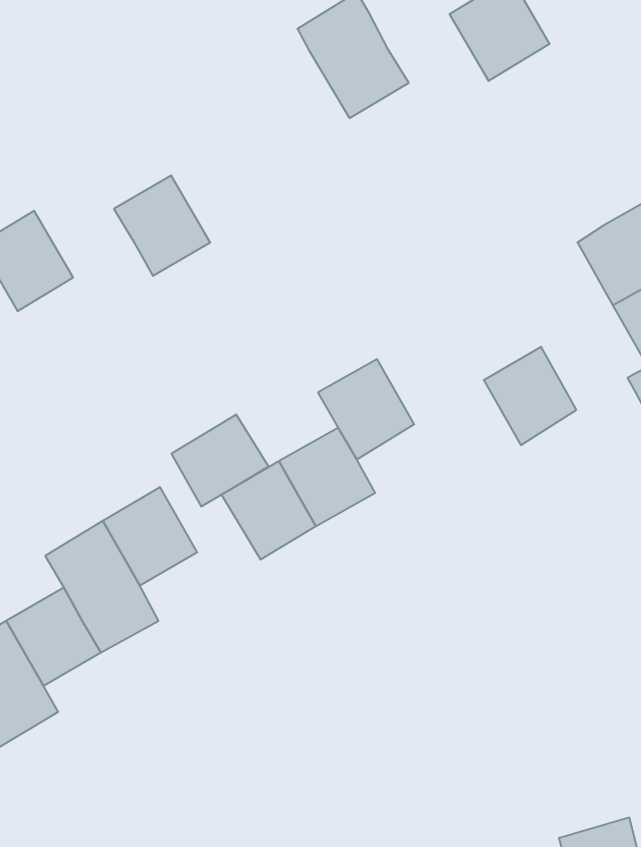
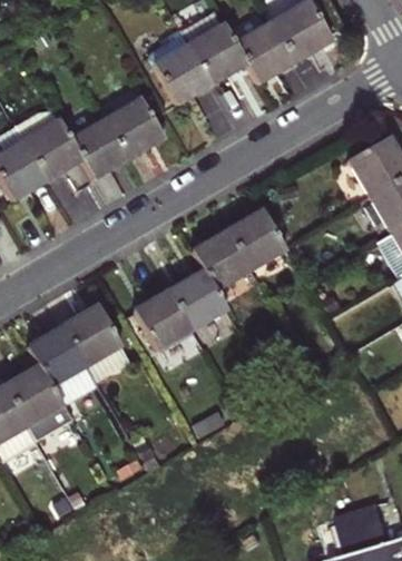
building: none -> [235,22,295,83]
building: none -> [150,28,212,104]
building: none -> [105,98,165,159]
building: none -> [14,110,82,180]
building: [484,347,576,445] -> [228,209,284,268]
building: [172,414,268,507] -> none

